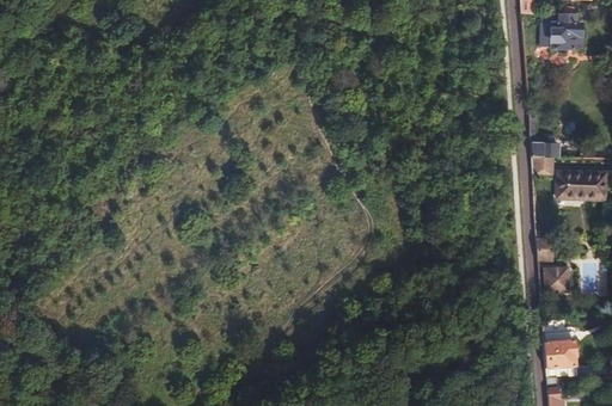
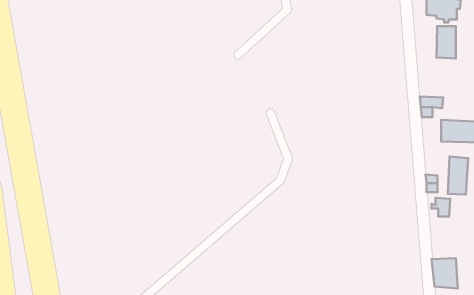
building: none -> [436,26,456,58]
building: none -> [448,156,468,195]

